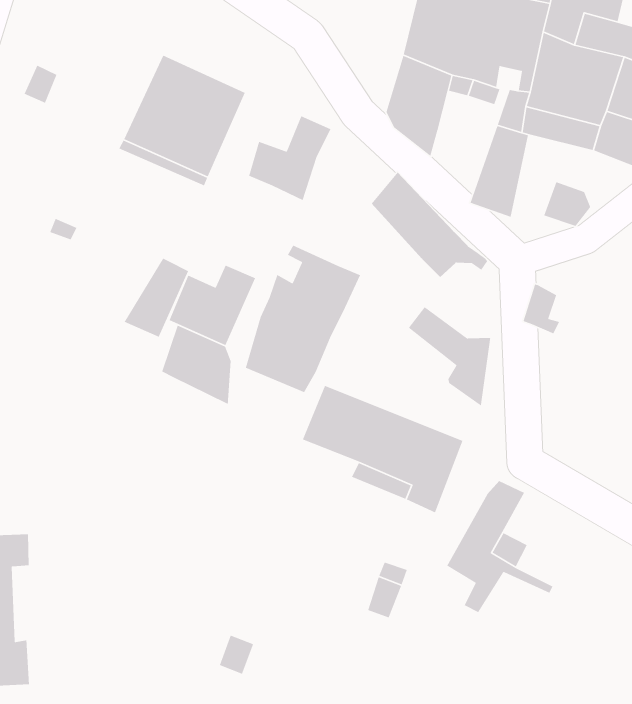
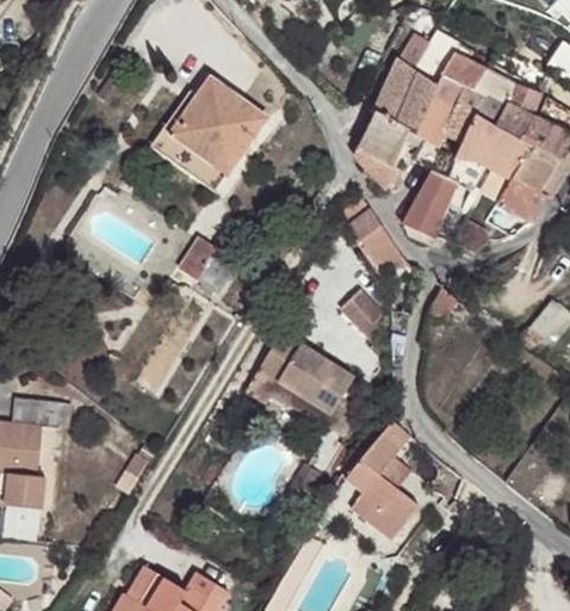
building: [248,115,331,201] -> none
building: [245,244,361,393] -> none
building: [124,258,189,338] -> none
building: [161,324,231,405] -> none
building: none -> [361,488,414,538]

